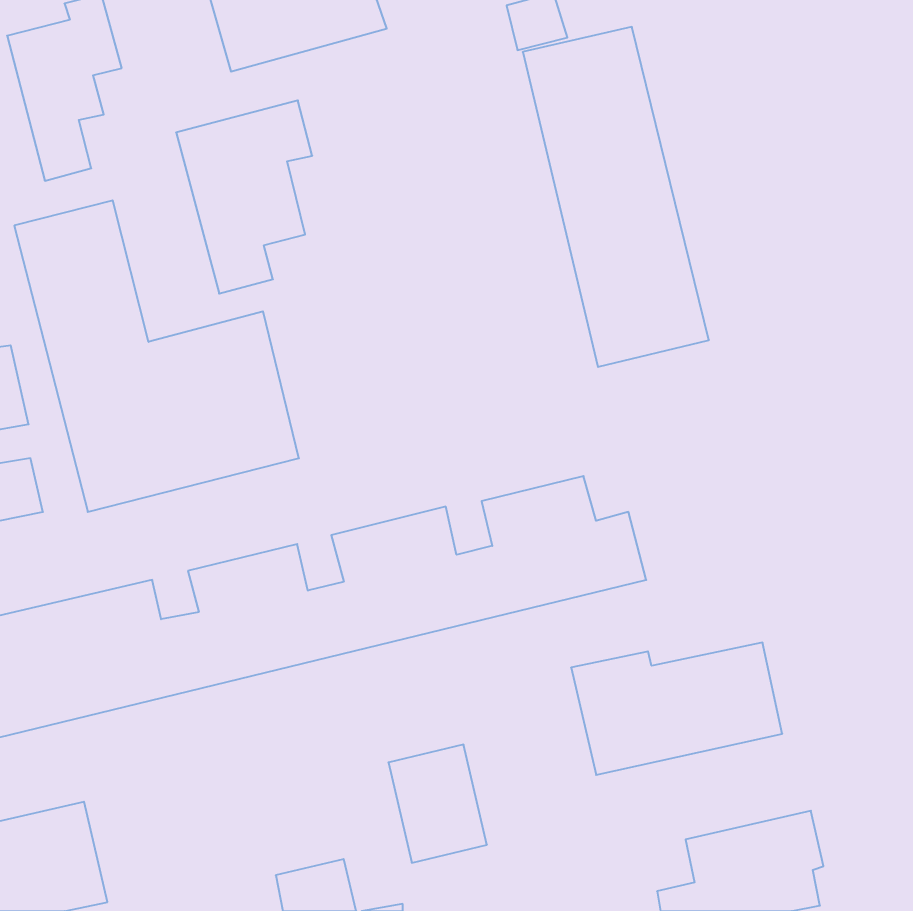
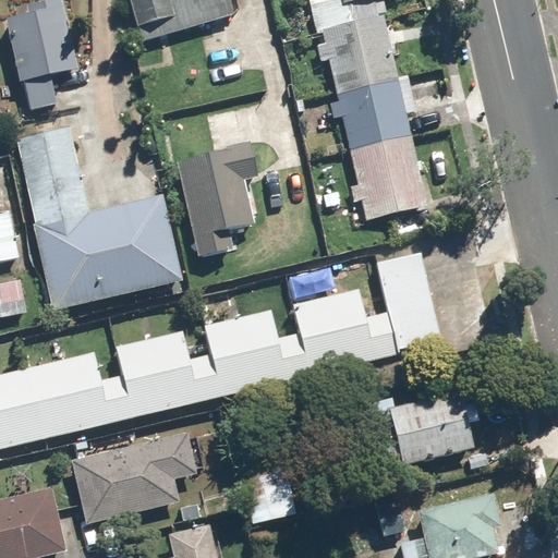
building: [176,100,312,294] -> [174,142,257,259]
building: none -> [375,255,446,354]
building: none -> [71,430,195,522]

